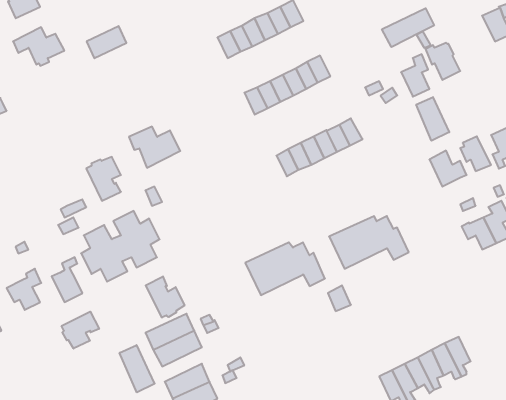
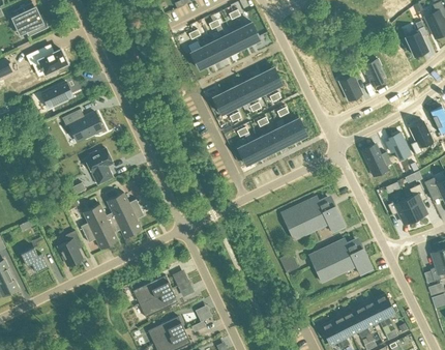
building: [382,8,434,47] -> none
building: [87,26,126,58] -> [41,83,73,109]
building: [416,97,449,141] -> none
building: [129,127,180,168] -> [61,109,102,142]
building: [245,242,325,295] -> [308,239,373,282]
building: [146,276,184,318] -> none
building: [62,312,99,349] -> none
building: [120,345,155,392] -> none

